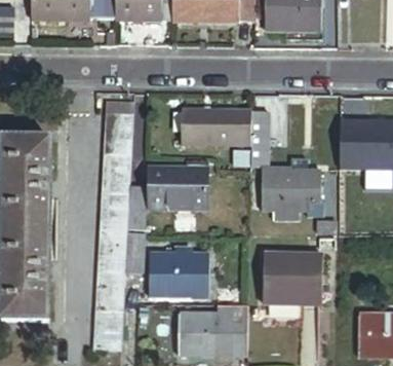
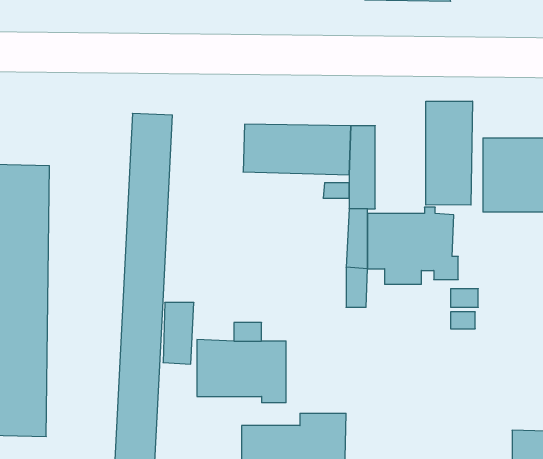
building: none -> [426,101,472,205]
building: [128,168,207,227] -> none
building: [264,251,323,295] -> none

